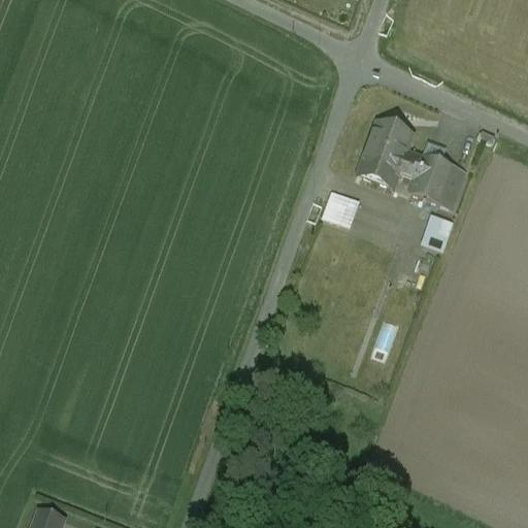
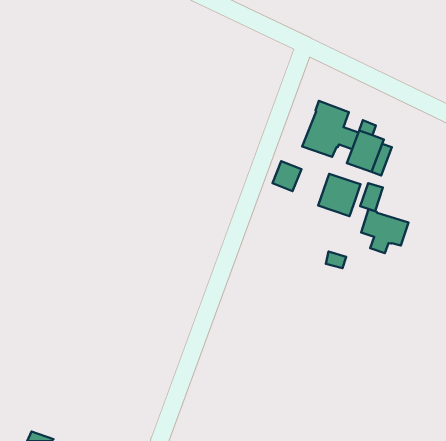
building: none -> [318,174,361,216]
building: none -> [361,209,409,253]

